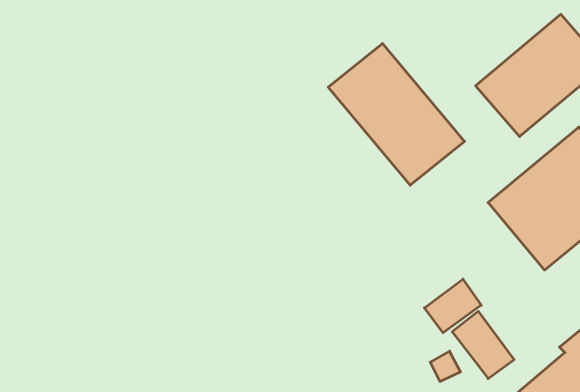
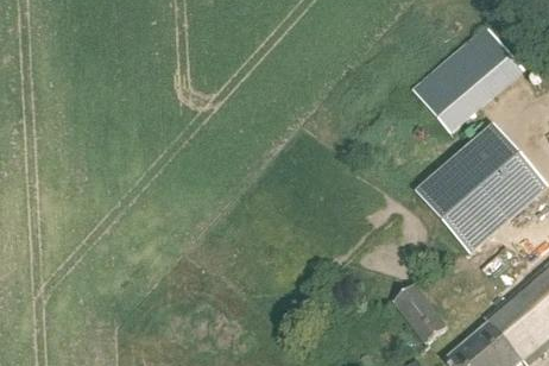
building: [328,43,465,185] -> none
building: [424,279,481,333] -> none

